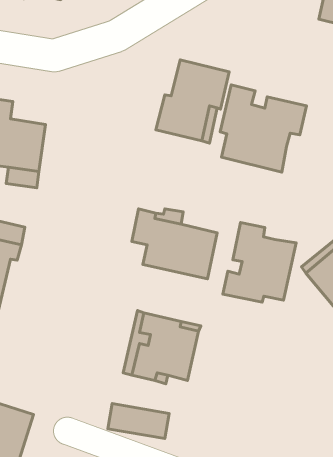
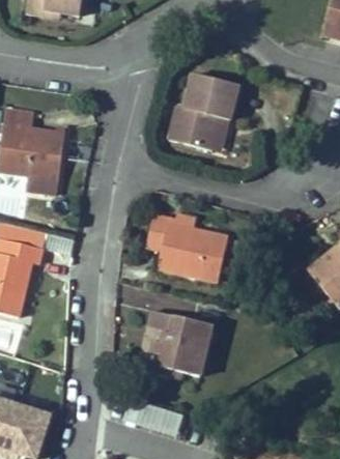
building: [220,85,307,172] -> none
building: [223,223,296,302] -> none

